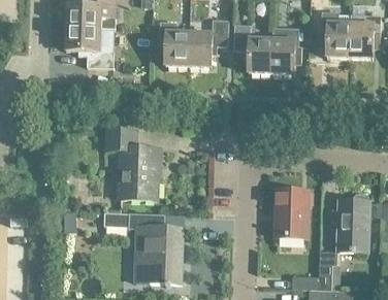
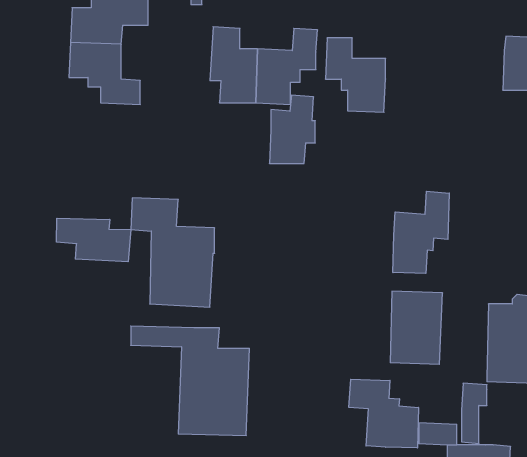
building: [319,23,349,59] -> none
building: [269,29,299,73] -> [269,95,315,163]
building: none -> [393,191,449,273]
building: none -> [57,218,131,262]
building: none -> [349,379,418,448]

